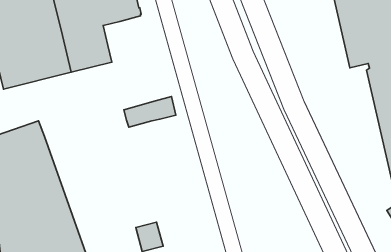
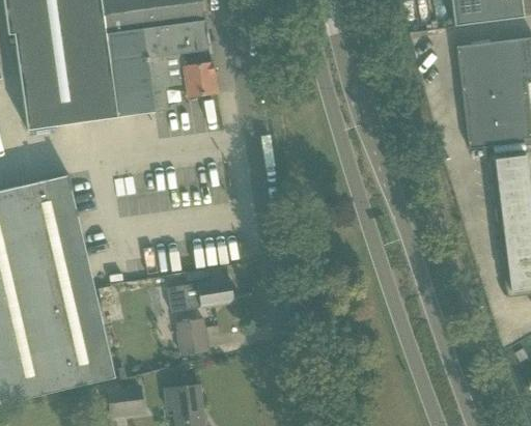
building: none -> [162,59,217,96]
building: [124,97,176,127] -> [167,278,232,311]

